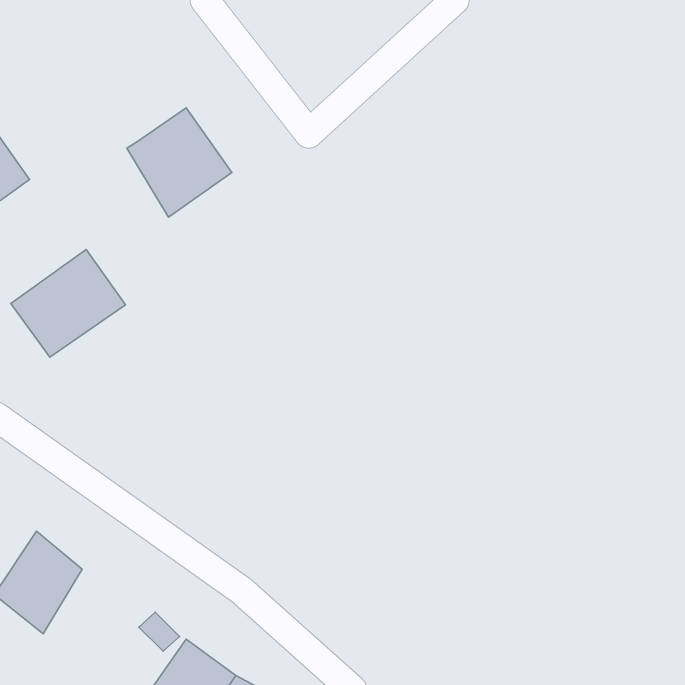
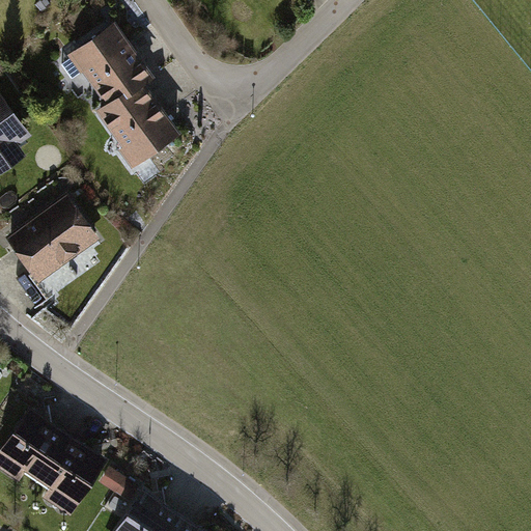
building: none -> [66,25,150,112]
building: none -> [33,441,102,519]

